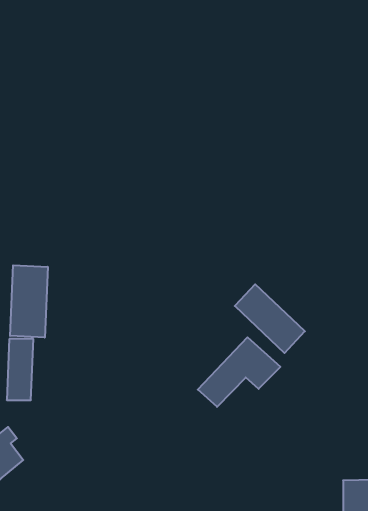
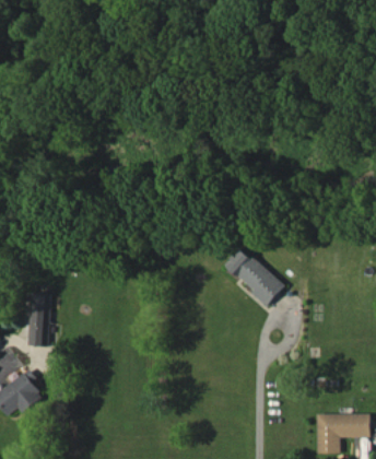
building: [10,265,48,338] -> none
building: [198,337,280,407] -> none

